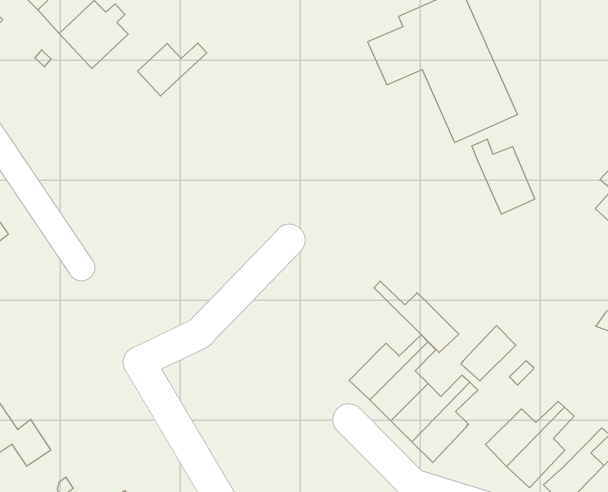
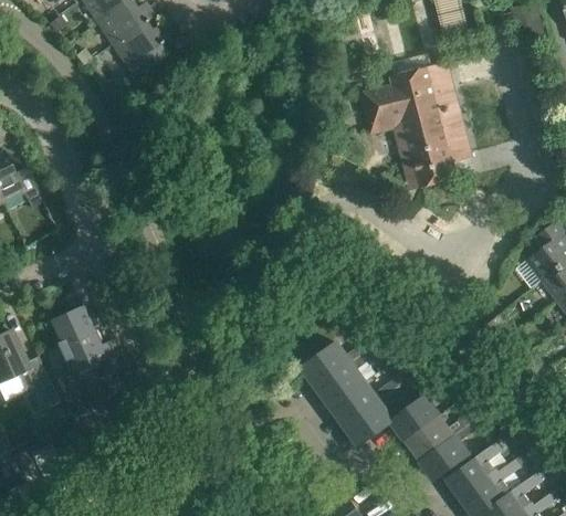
building: [138,43,207,96] -> none
building: [472,139,535,214] -> none
building: [374,281,459,353] -> none
building: [461,326,516,381] -> [390,394,438,438]
building: none -> [48,305,124,376]

